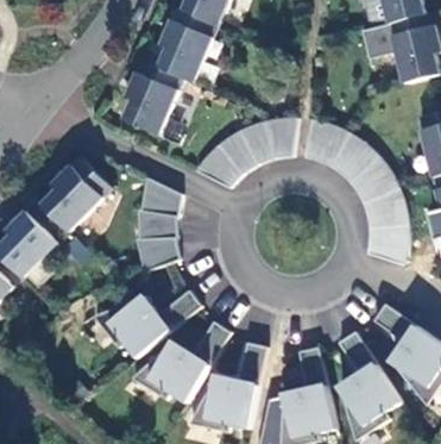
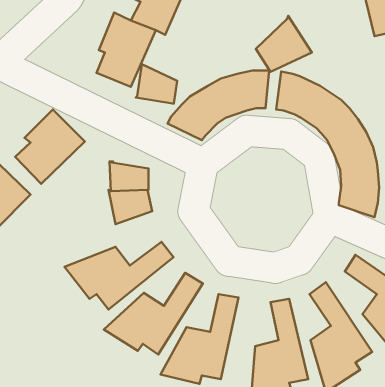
building: none -> [256,16,312,72]
building: [139,176,181,215] -> [136,64,177,103]

